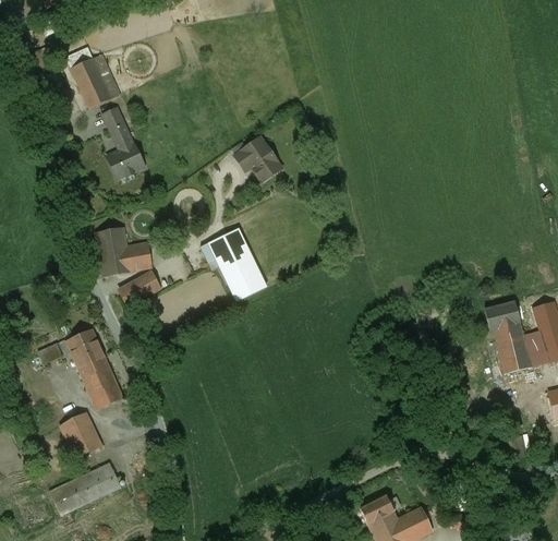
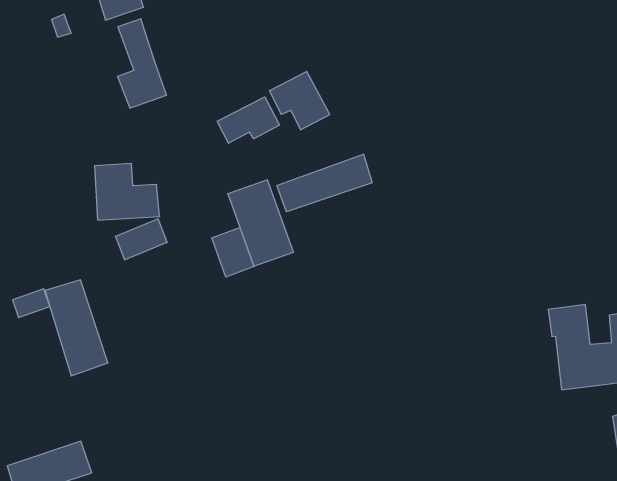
building: none -> [217,97,279,143]
building: none -> [277,154,372,212]
building: none -> [212,227,254,277]
building: [54,410,101,458] -> none

